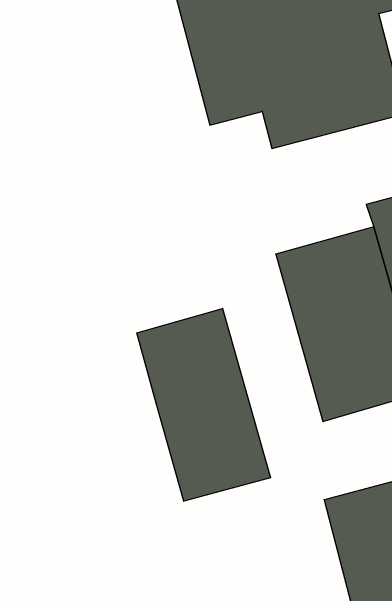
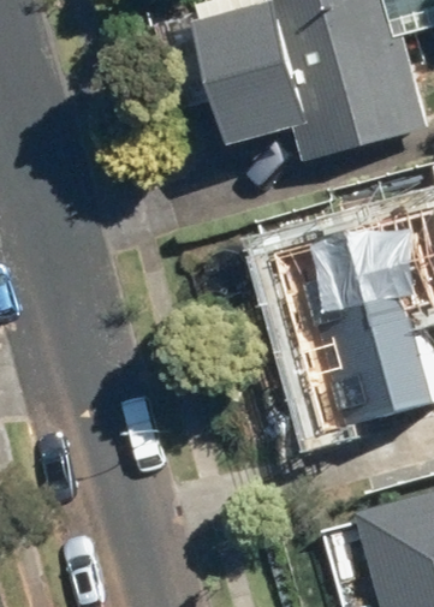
building: [137,308,270,501] -> none

